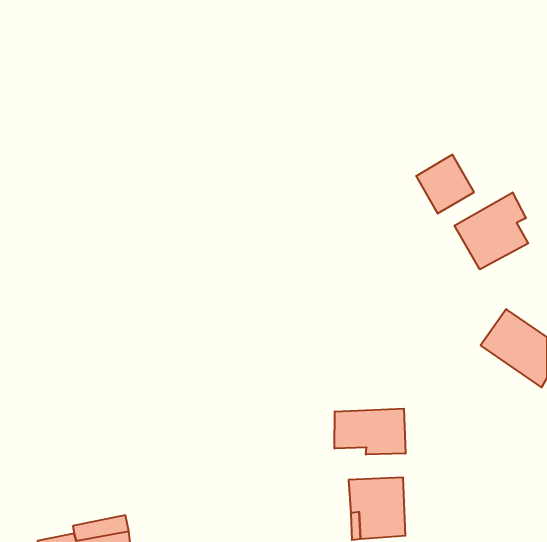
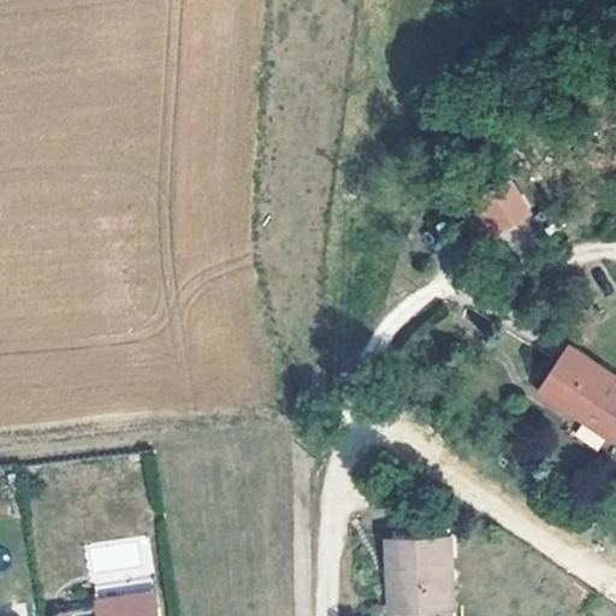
building: [455,192,528,269] -> none
building: [335,409,406,455] -> none

